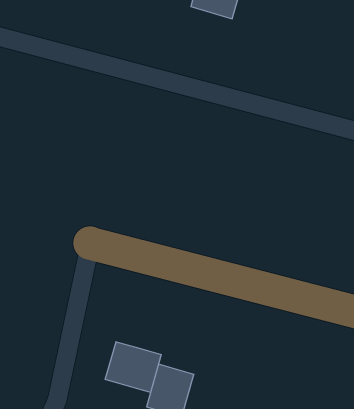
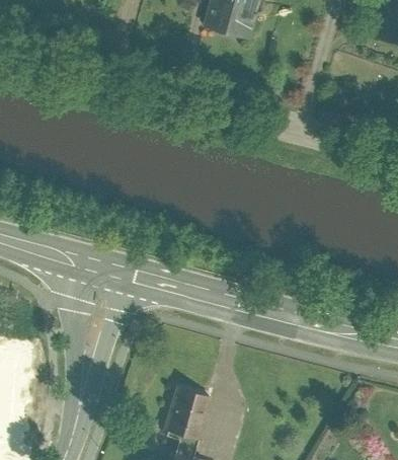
building: [105,342,161,392] -> none

